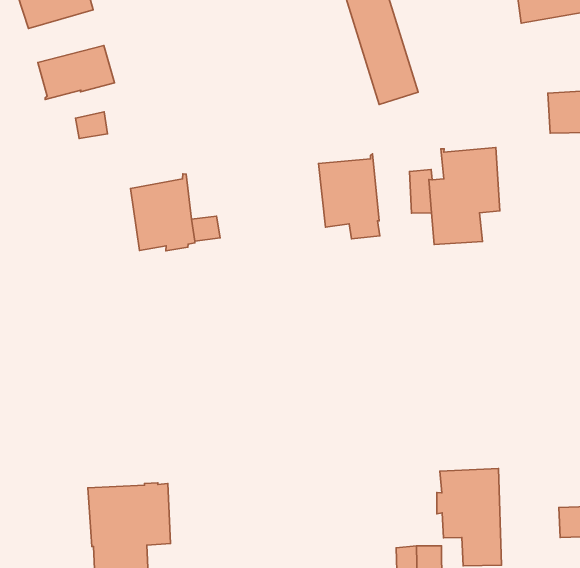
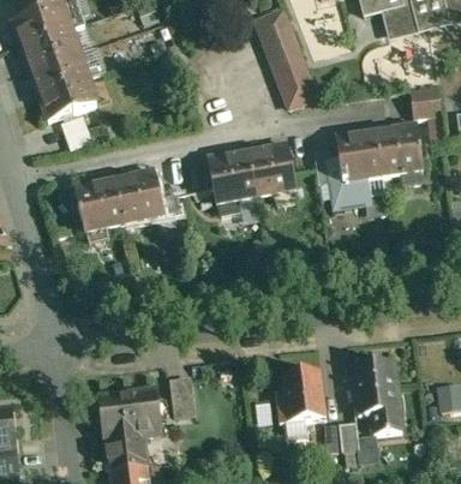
building: none -> [32,52,88,92]
building: none -> [376,121,423,185]
building: none -> [209,151,257,215]
building: none -> [73,179,124,243]
building: none -> [170,377,196,418]
building: none -> [276,370,327,437]

